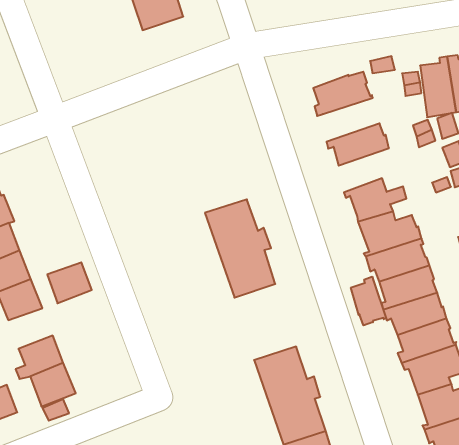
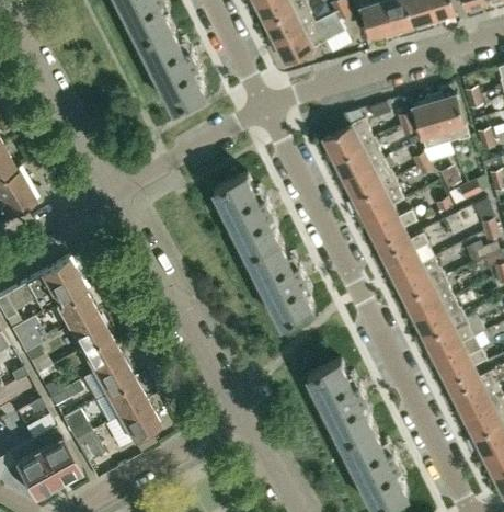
building: none -> [333,140,382,183]
building: none -> [211,173,279,258]
building: none -> [353,181,402,224]
building: [47,262,92,303] -> [92,357,131,395]
building: [351,277,386,325] -> none

